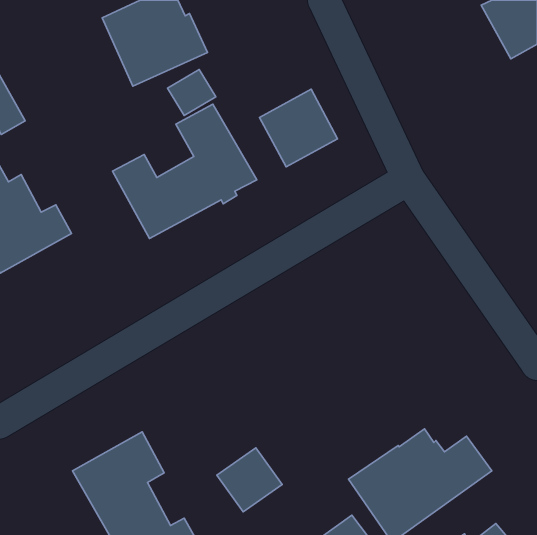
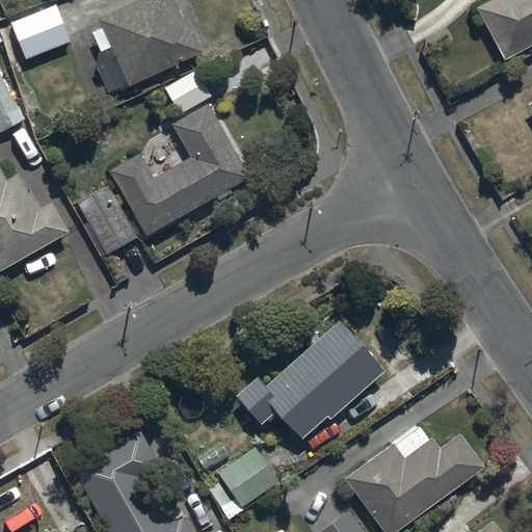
building: none -> [11,7,71,61]
building: [259,89,338,167] -> none
building: none -> [74,186,139,259]
building: none -> [234,319,384,440]

